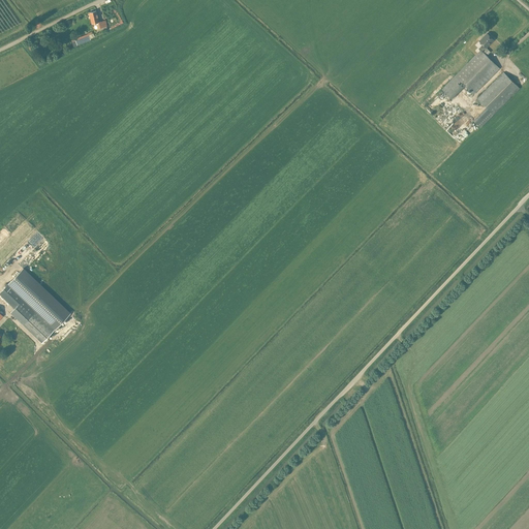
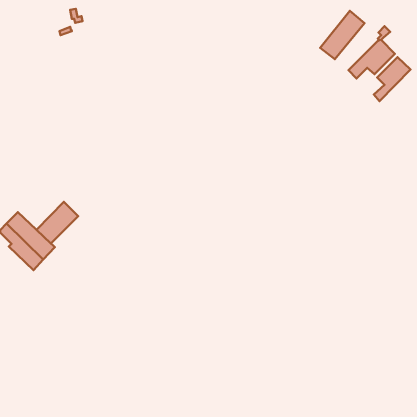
building: none -> [320,11,364,59]
building: none -> [37,202,78,243]

